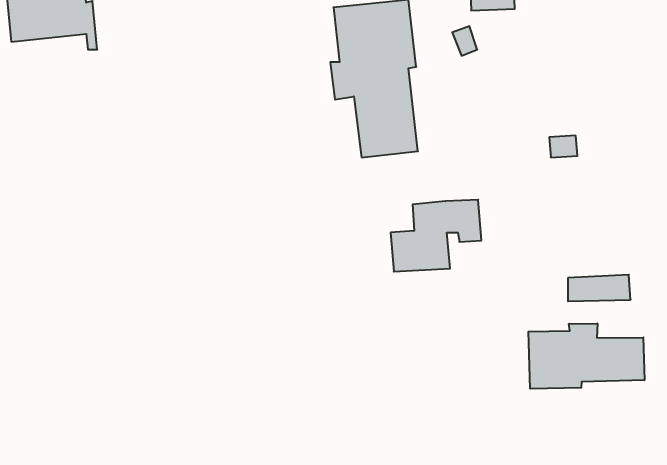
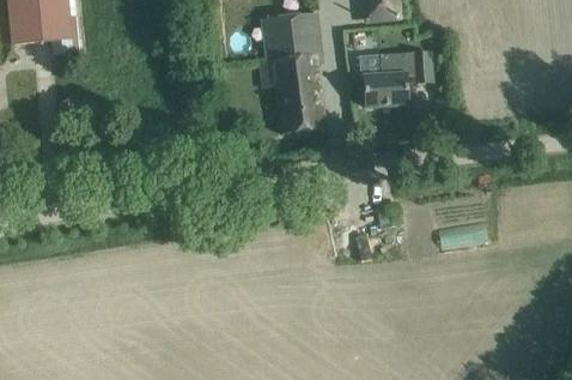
building: [391,200,481,272] -> [361,49,431,104]
building: [528,323,644,389] -> none

